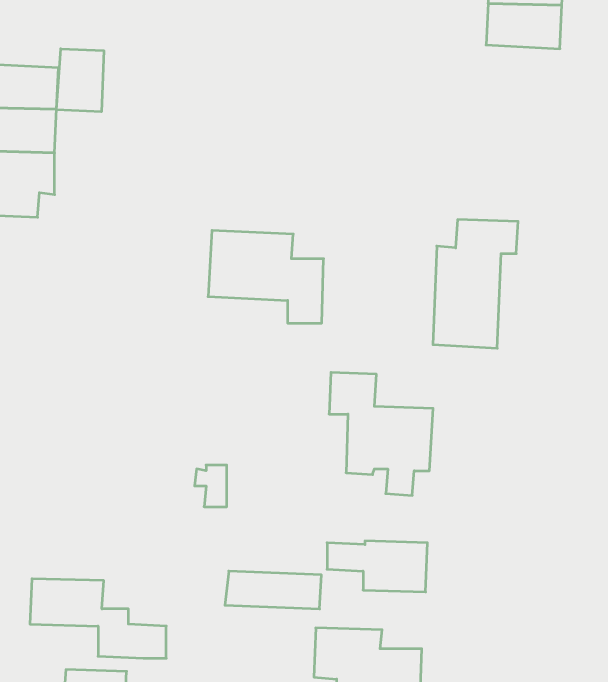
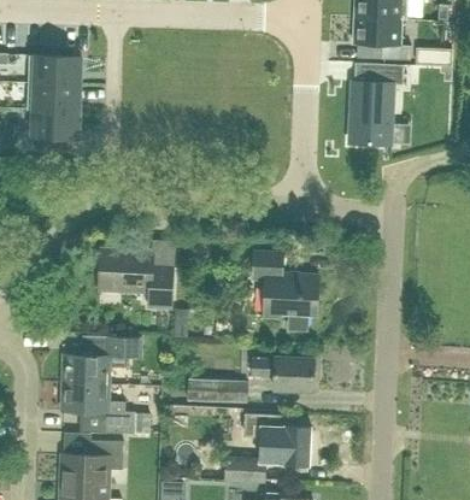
building: [56,49,104,112] -> none
building: [433,220,518,348] -> [348,63,403,145]
building: [208,230,324,323] -> [98,247,171,306]
building: none -> [63,336,141,383]

